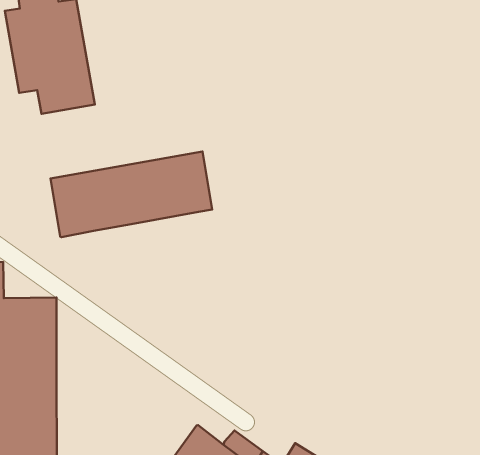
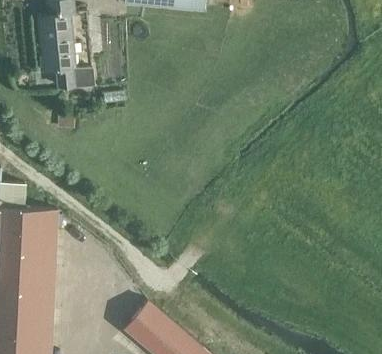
building: [50,151,212,237] -> none

